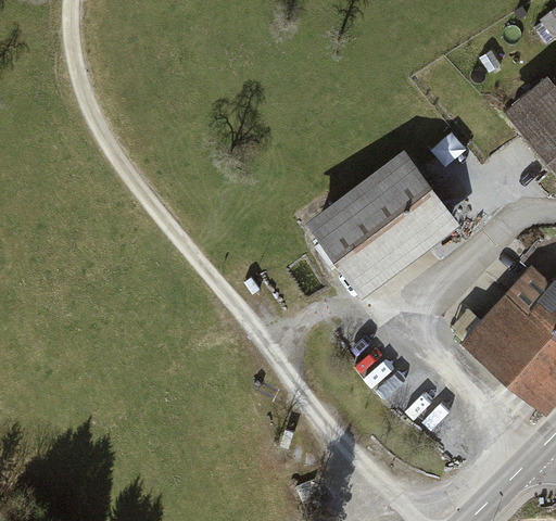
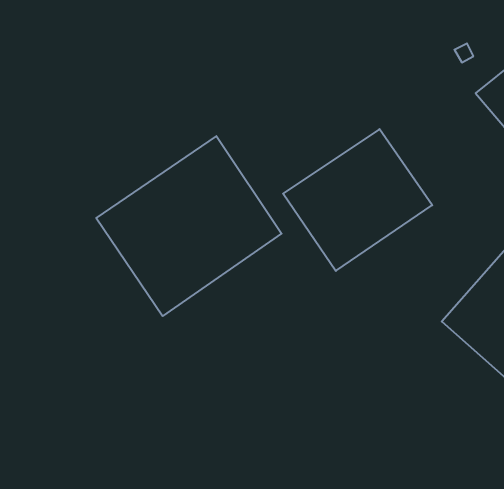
building: none -> [96,136,282,316]

